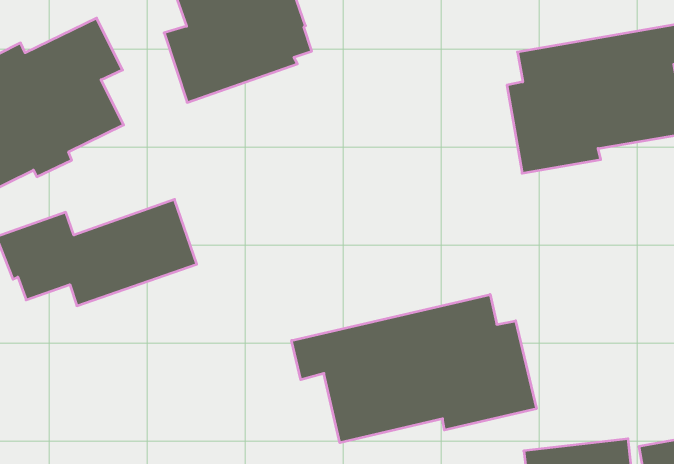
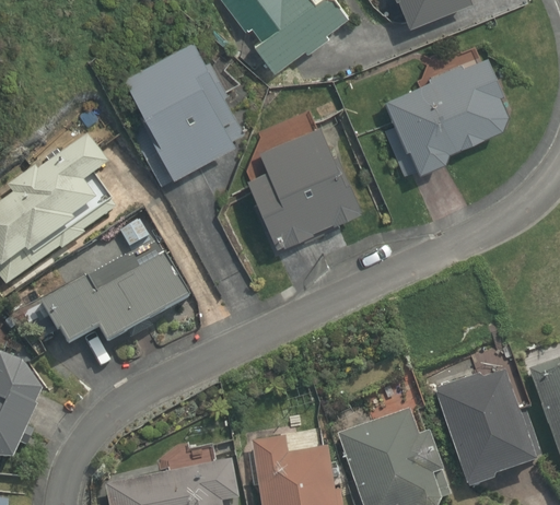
building: none -> [248,122,371,249]
building: [292,294,536,443] -> none

